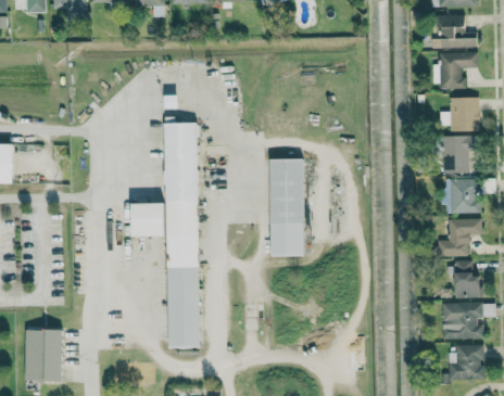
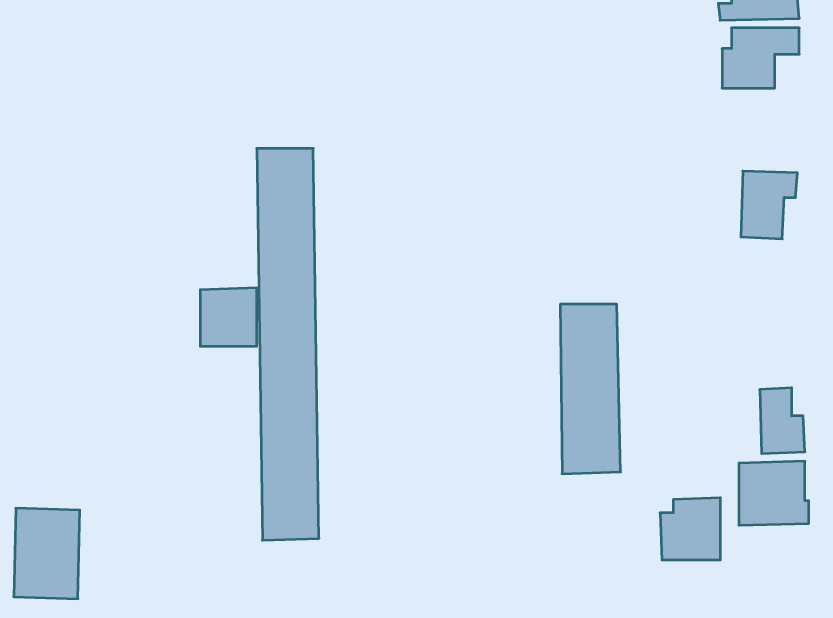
building: [440,98,480,132] -> none
building: [270,159,305,257] -> [560,304,621,474]
building: [445,179,480,214] -> none
building: [438,219,482,257] -> none
building: [449,345,483,381] -> [660,498,720,560]

